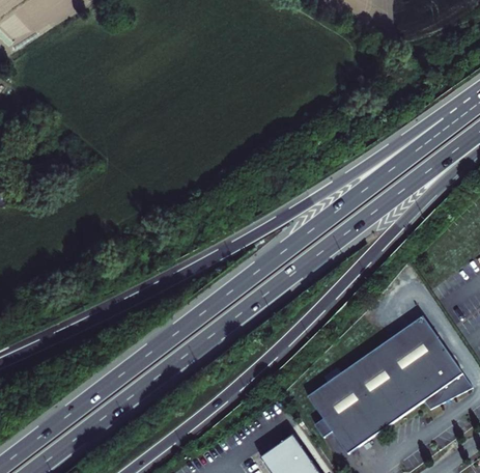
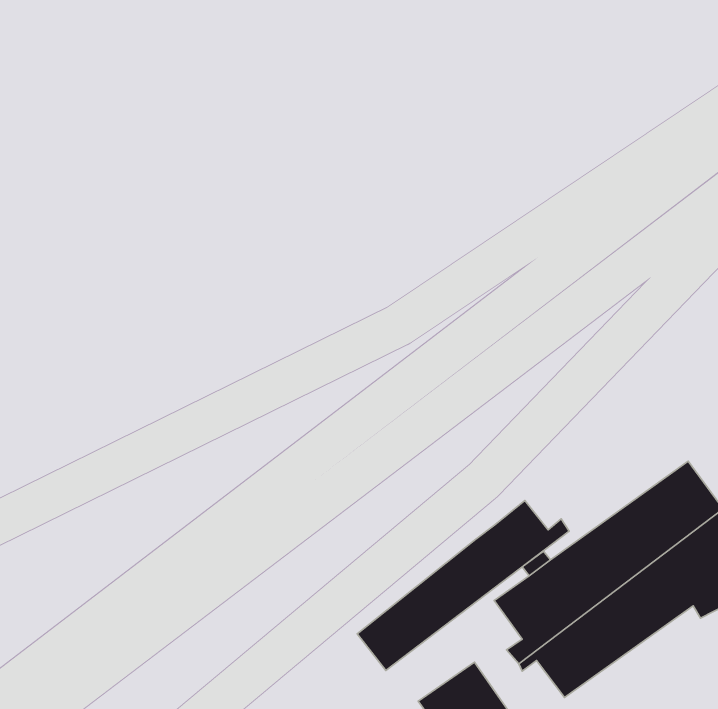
building: none -> [357,500,569,671]

